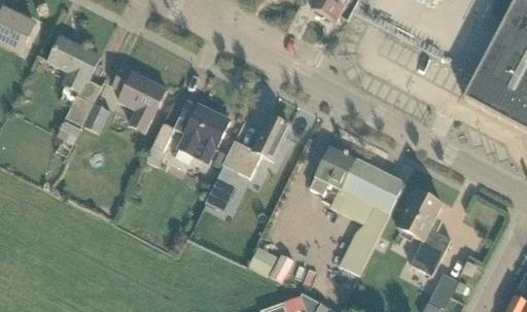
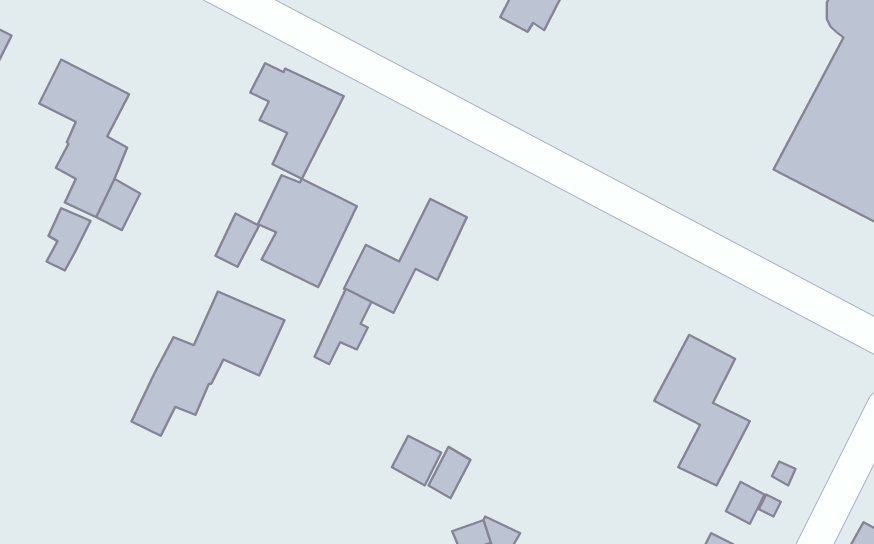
building: [116,68,169,133] -> [250,63,344,179]
building: [312,145,407,282] -> none
building: none -> [131,291,284,436]

